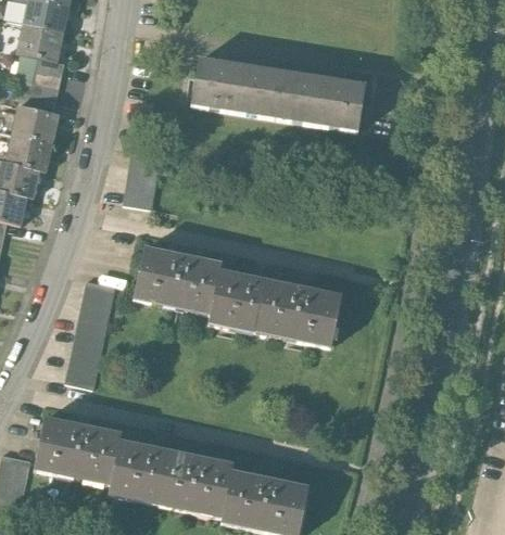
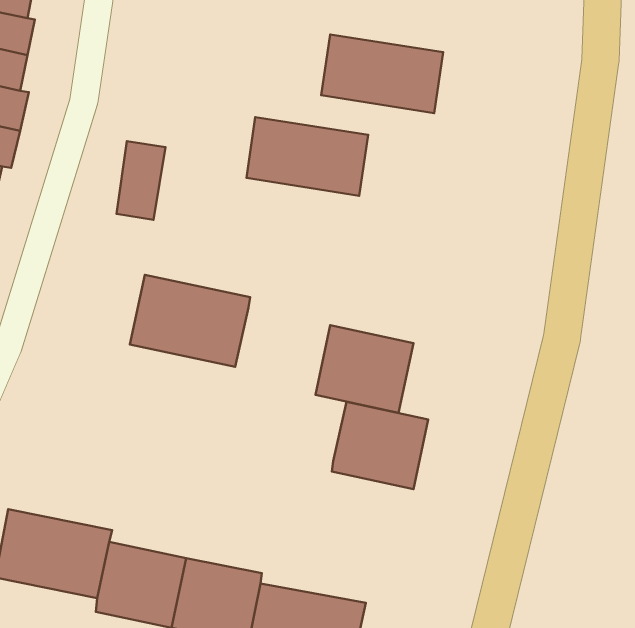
building: [191,56,280,114] -> [246,117,368,196]
building: [210,269,280,333] -> [332,402,428,489]
building: [66,278,113,383] -> none

